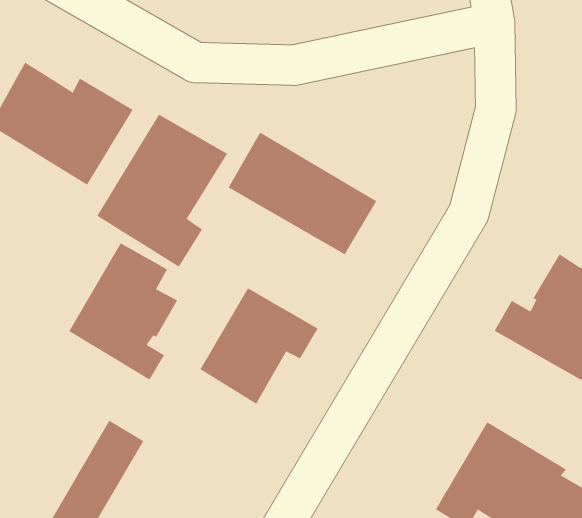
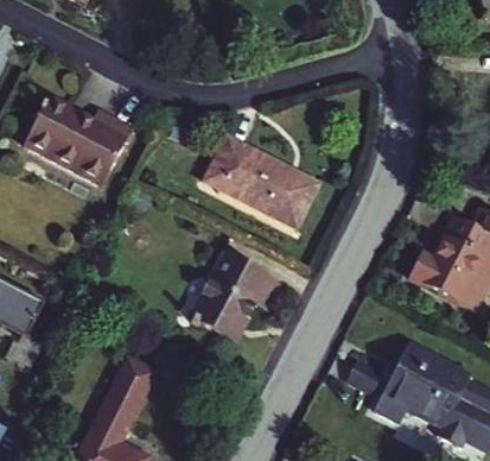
building: [96,114,228,267] -> none
building: [68,242,178,380] -> none

